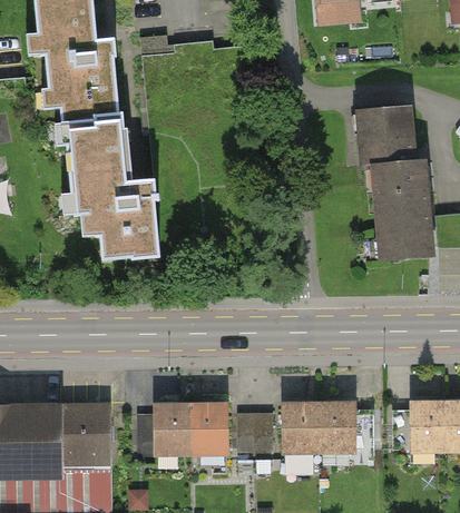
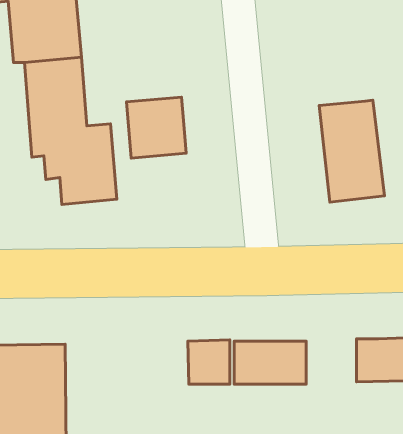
building: [354,101,417,160] -> none
building: none -> [126,97,186,158]
building: [151,404,226,448] -> none

